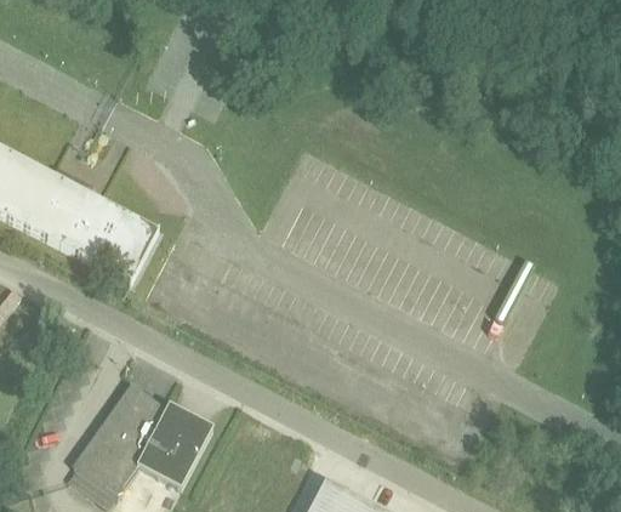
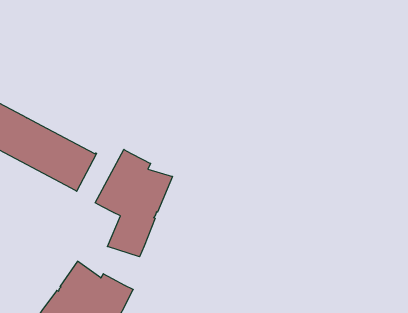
building: none -> [95,149,172,257]

